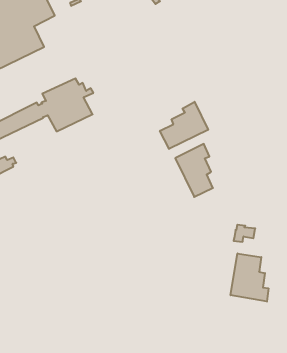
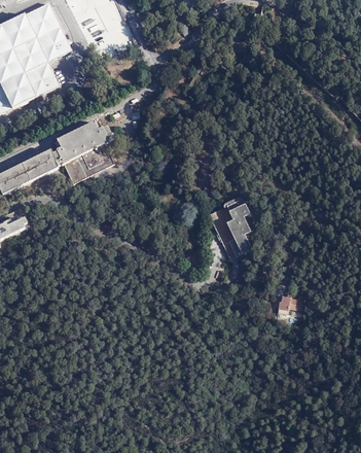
building: [160,102,208,149] -> none
building: [231,253,268,302] -> none

